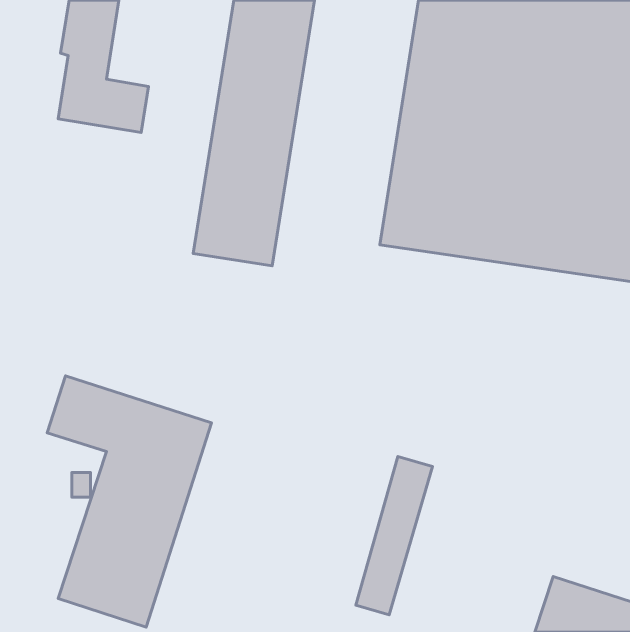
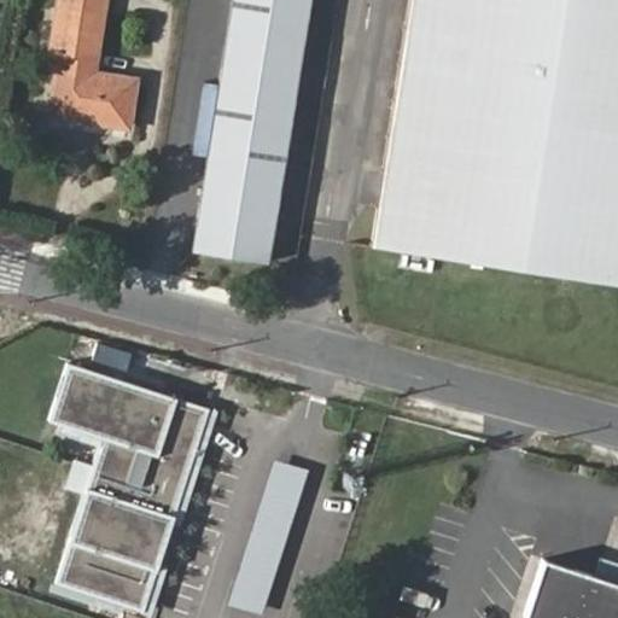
building: [356,457,433,615] -> [237,457,311,612]

